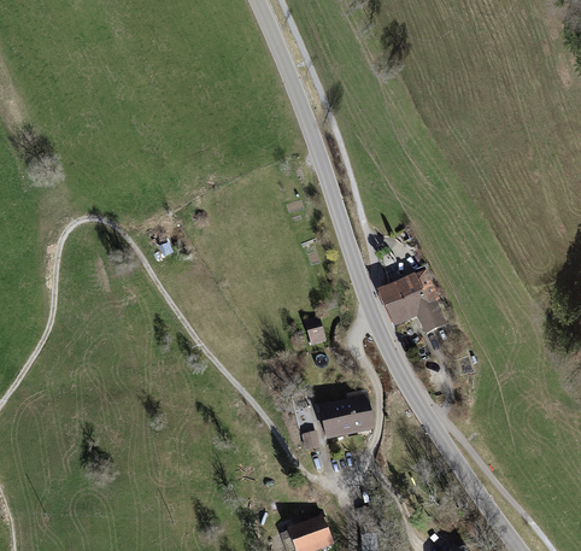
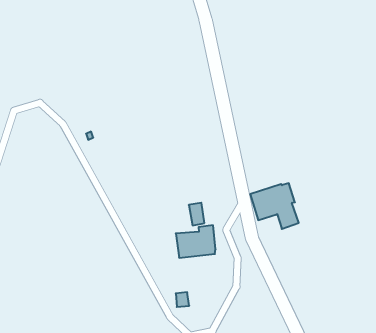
building: [318,391,371,438] -> [176,225,216,258]

